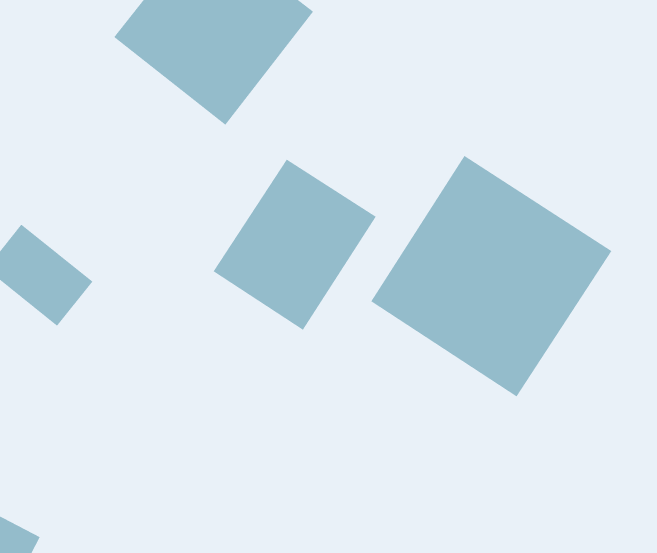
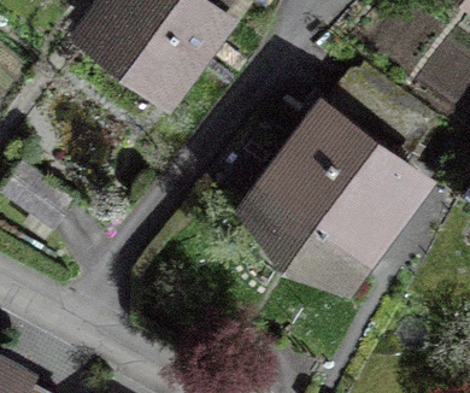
building: [212,159,377,331] -> none

